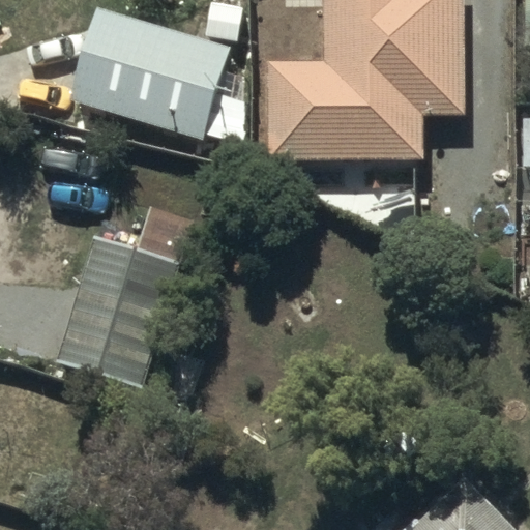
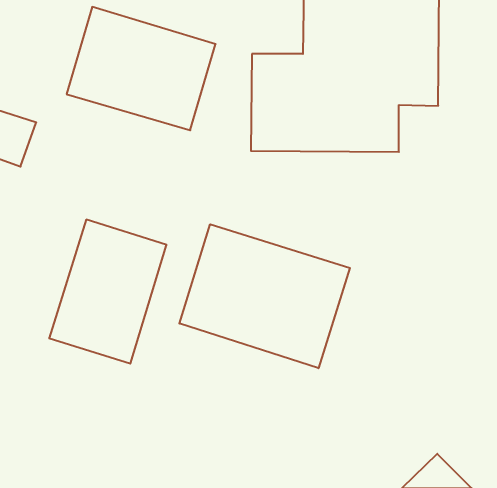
building: none -> [179,224,350,368]

